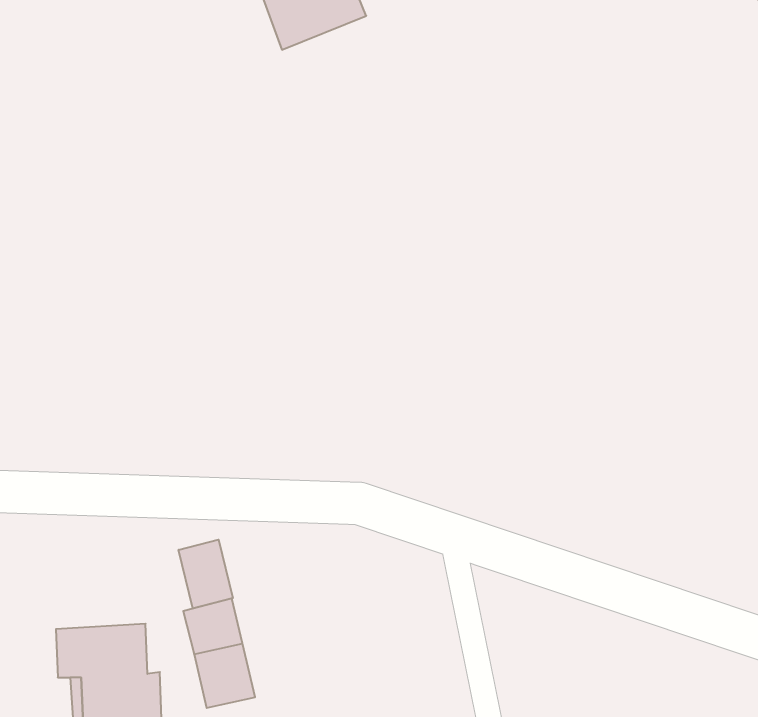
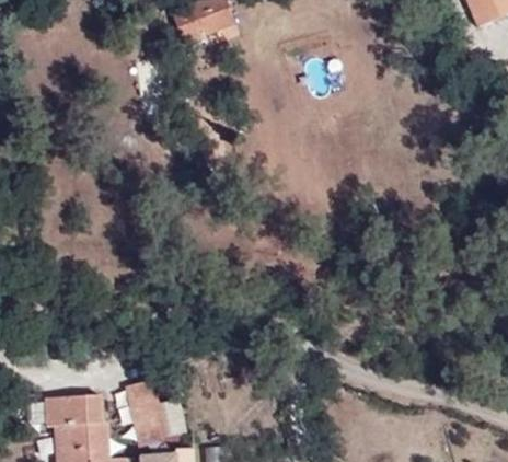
building: [179,540,233,608] -> none

